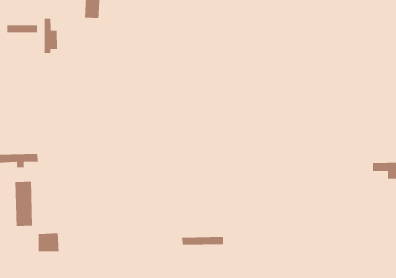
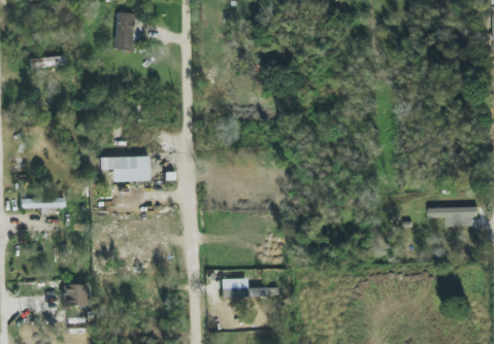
building: [44,18,58,54] -> none
building: none -> [100,157,150,181]
building: [15,181,33,227] -> none

